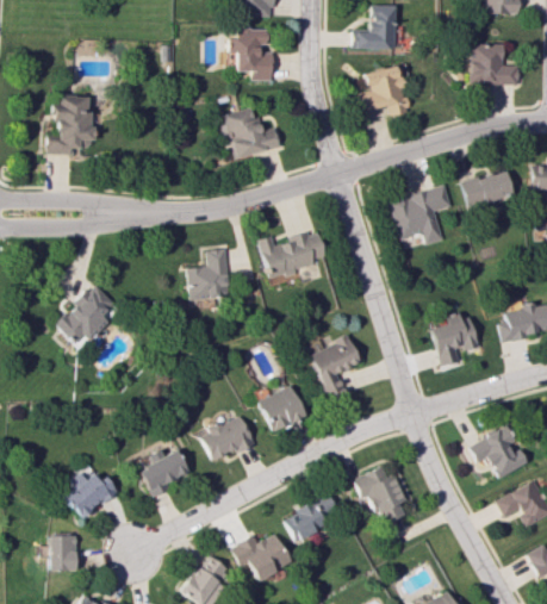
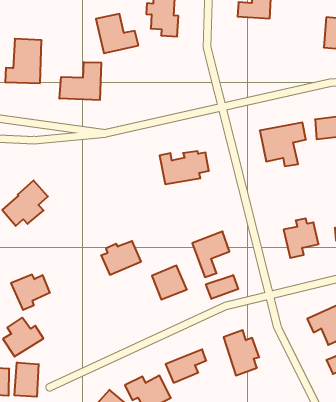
building: [360,66,409,116] -> none
building: [224,106,282,160] -> [96,14,138,53]
building: none -> [59,62,101,100]
building: [189,249,230,299] -> none
building: none -> [206,275,238,299]
building: [201,416,255,462] -> [101,241,141,275]
building: [136,449,188,497] -> [11,275,50,310]
building: none -> [14,362,39,397]

